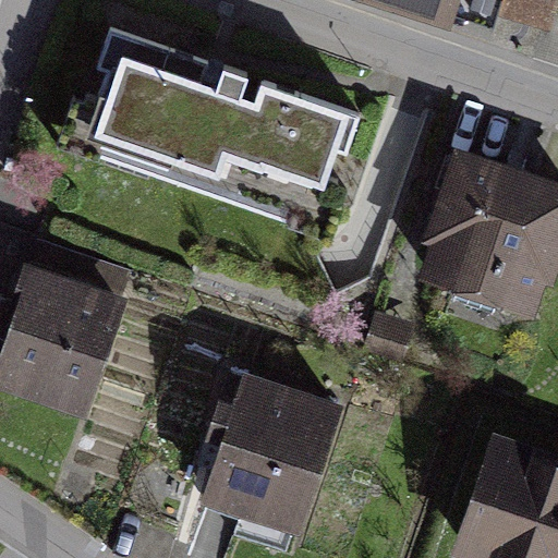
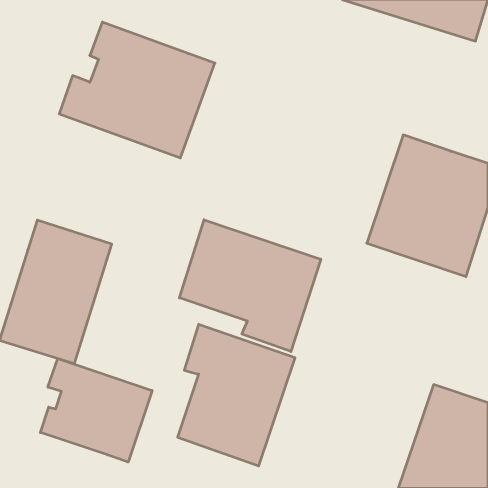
building: [206,72,361,222] -> none
building: none -> [179,220,321,352]
building: none -> [40,359,152,462]

